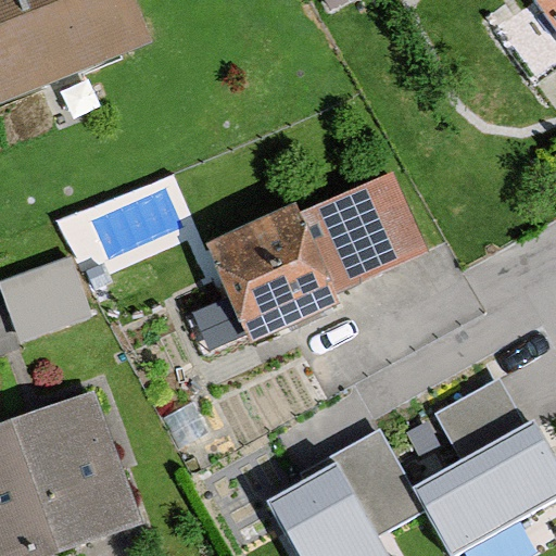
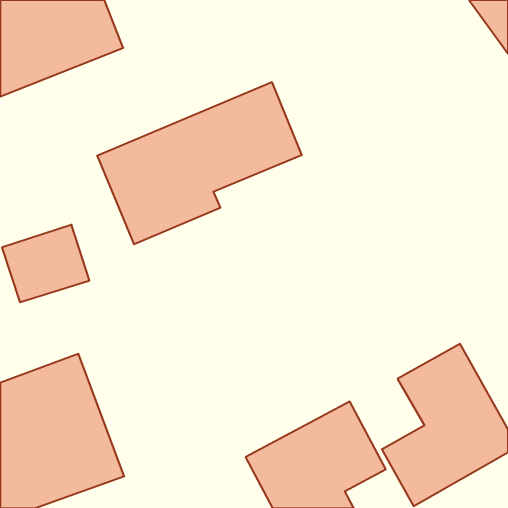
building: [203,170,427,348] -> [97,82,302,244]

